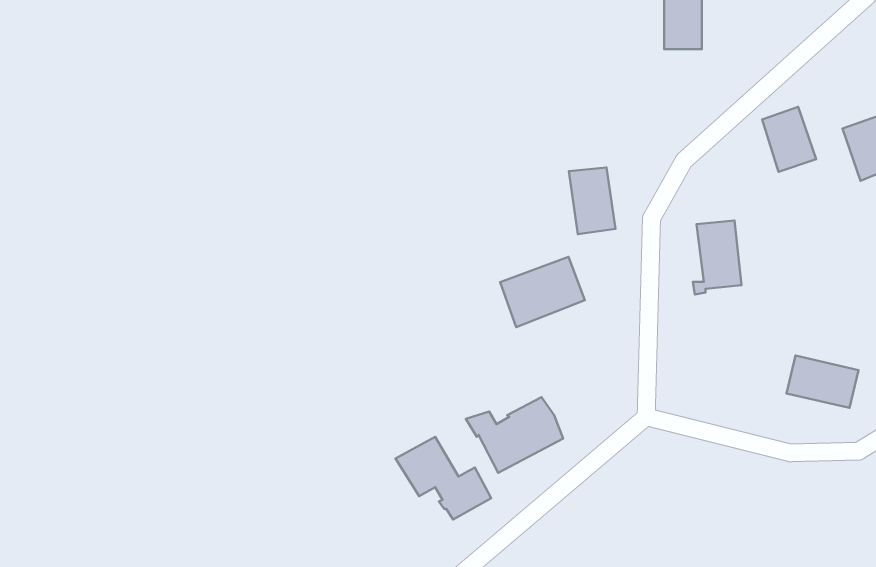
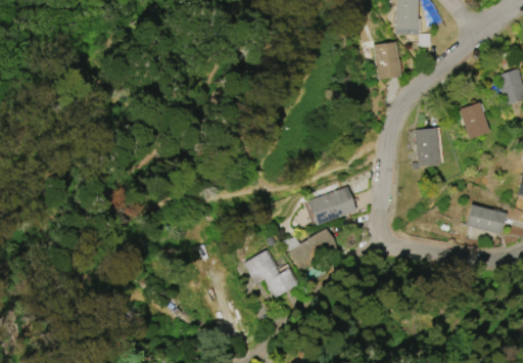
building: [762,107,816,172] -> [460,102,490,139]
building: [569,167,616,234] -> [374,42,400,80]
building: [500,257,585,327] -> [308,186,356,226]

